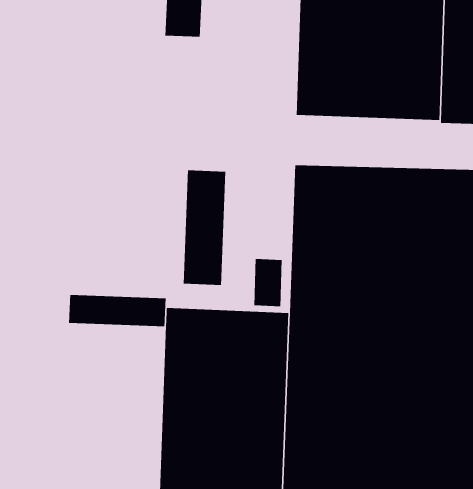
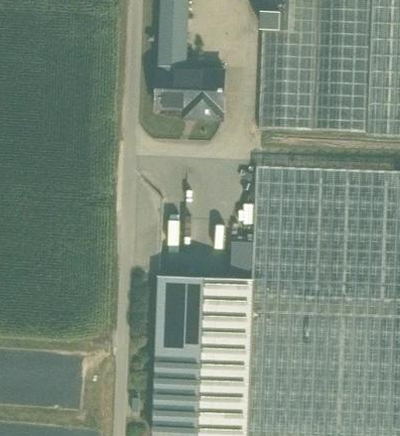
building: none -> [156,68,225,119]
building: [183,169,226,286] -> none
building: [68,294,166,327] -> none

